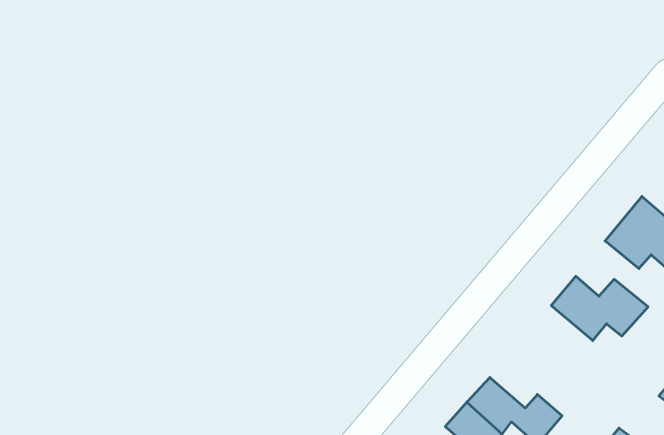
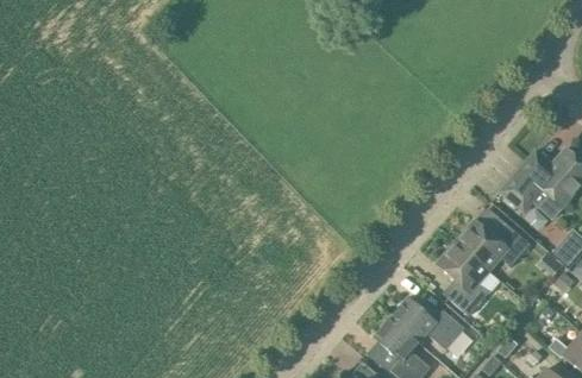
building: none -> [437,242,488,317]

